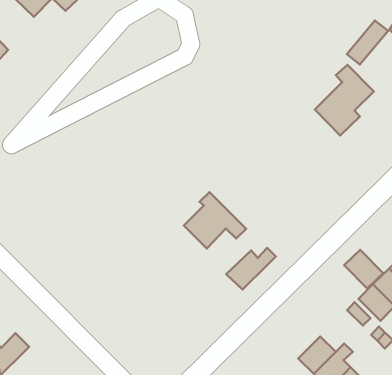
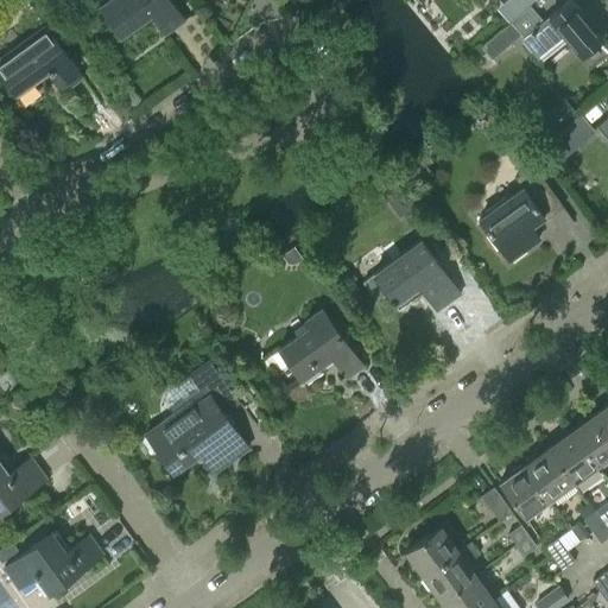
building: none -> [362,243,461,314]
building: none -> [145,362,249,476]
building: [226,248,276,290] -> none
building: [344,250,383,289] -> none

